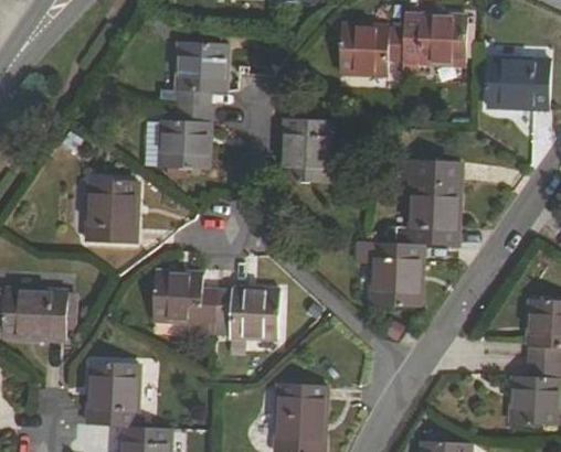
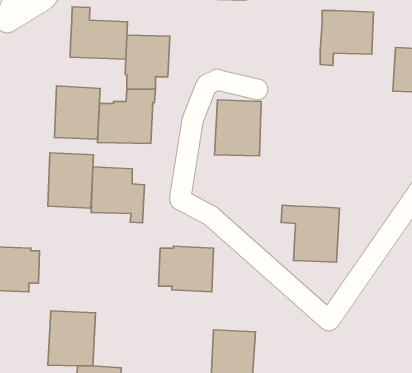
building: none -> [70,7,128,59]
building: [340,21,404,76] -> none
building: none -> [55,86,100,139]
building: [402,158,459,244] -> none
building: [155,268,216,333] -> [91,167,144,223]

